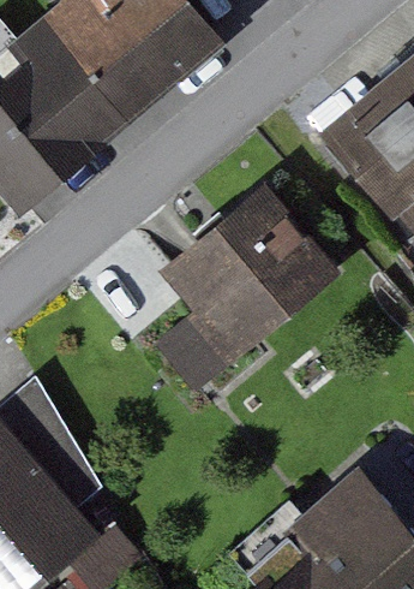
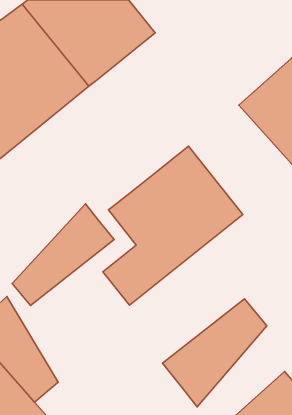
building: none -> [12,204,114,306]
building: none -> [163,299,267,407]

